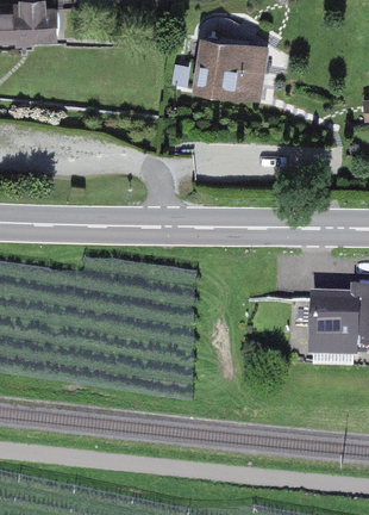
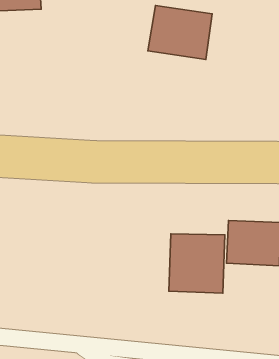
building: none -> [169,234,225,293]

